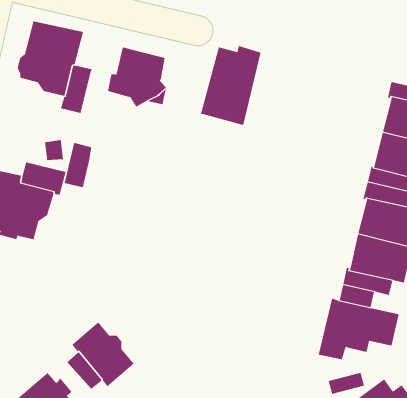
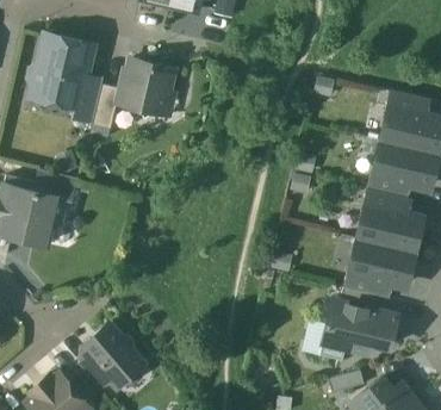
building: [200,45,261,126] -> none
building: [64,142,92,188] -> [92,83,119,128]

